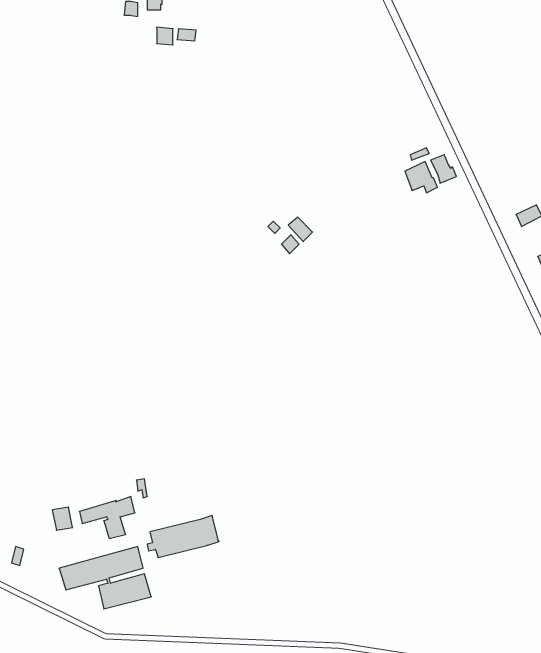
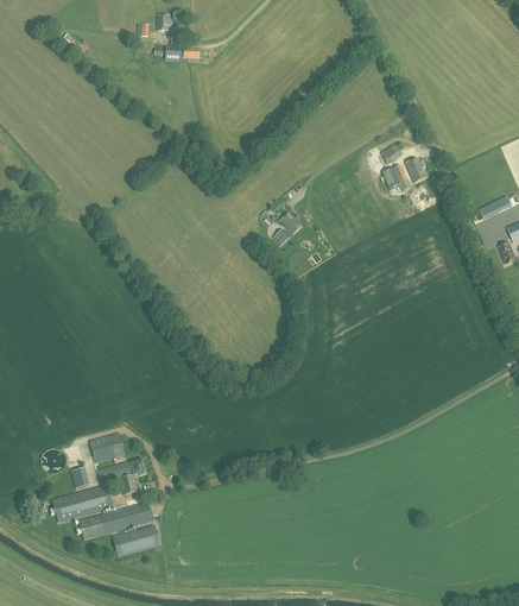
building: none -> [88,431,125,462]
building: [147,516,219,558] -> [49,484,112,520]

